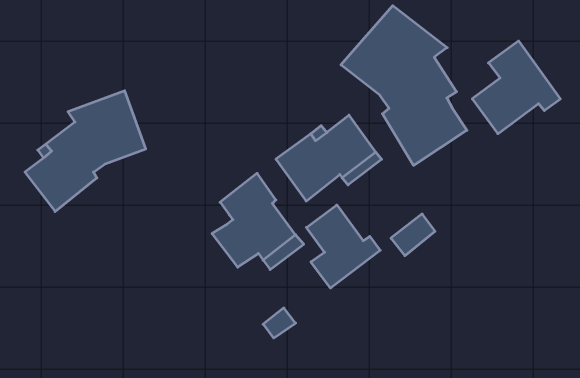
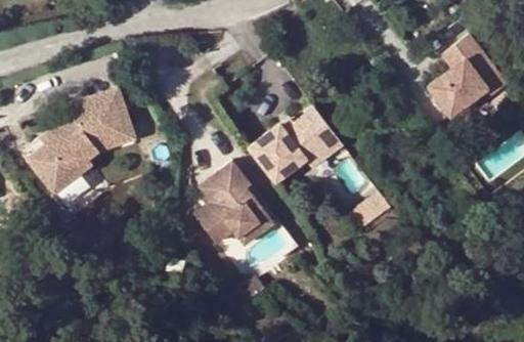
building: [341,6,467,165] -> none
building: [306,205,380,288] -> none

